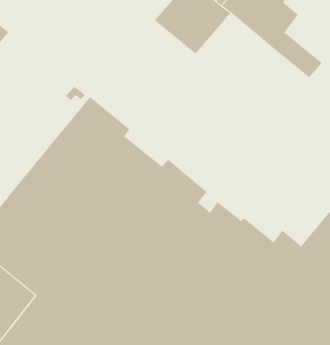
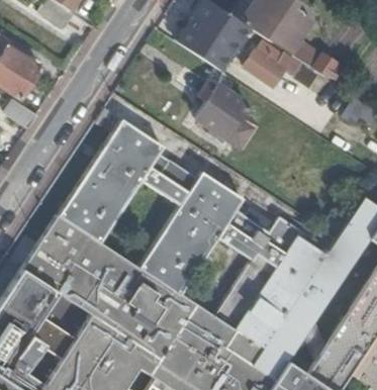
building: none -> [244,42,302,88]
building: none -> [193,82,254,151]

